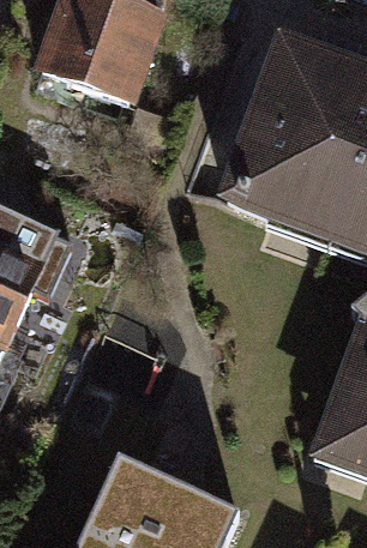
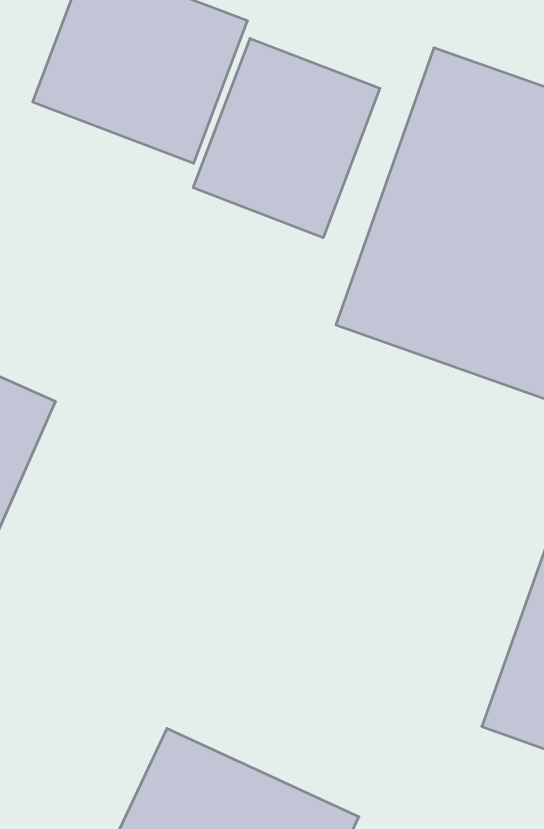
building: none -> [193,38,380,238]

